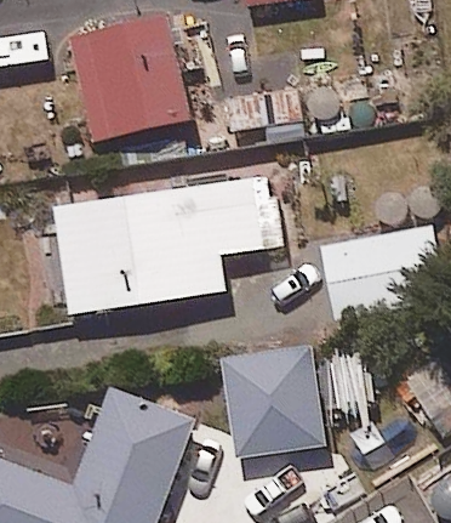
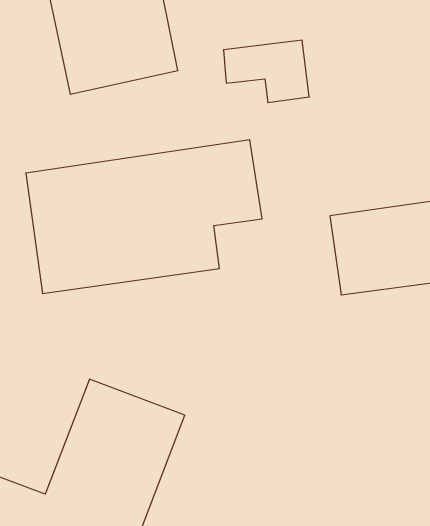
building: [228,347,321,453] -> none

